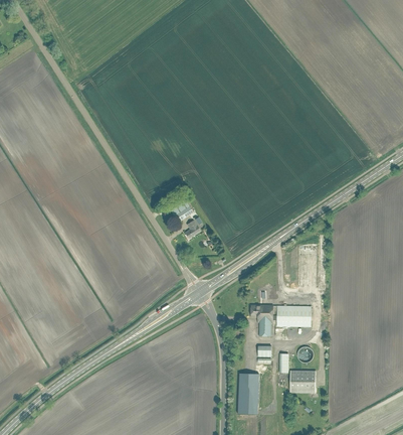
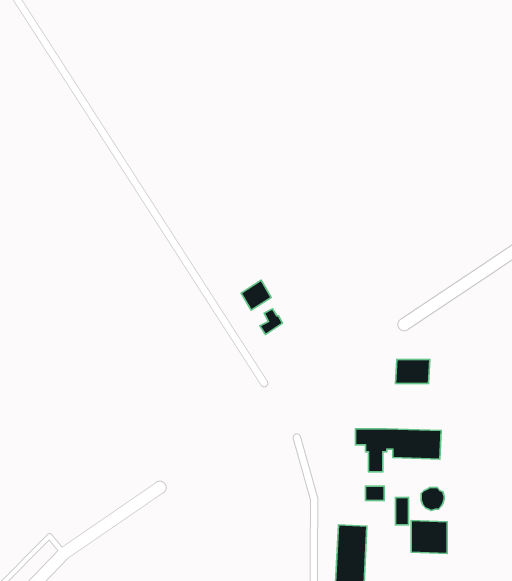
building: none -> [396,359,430,384]

